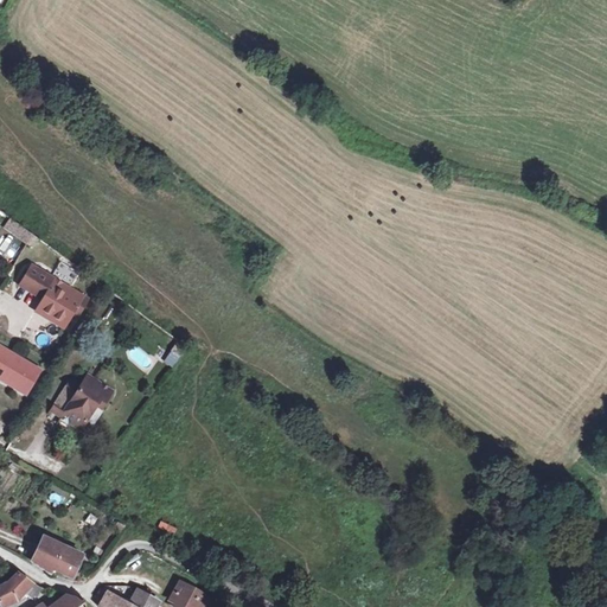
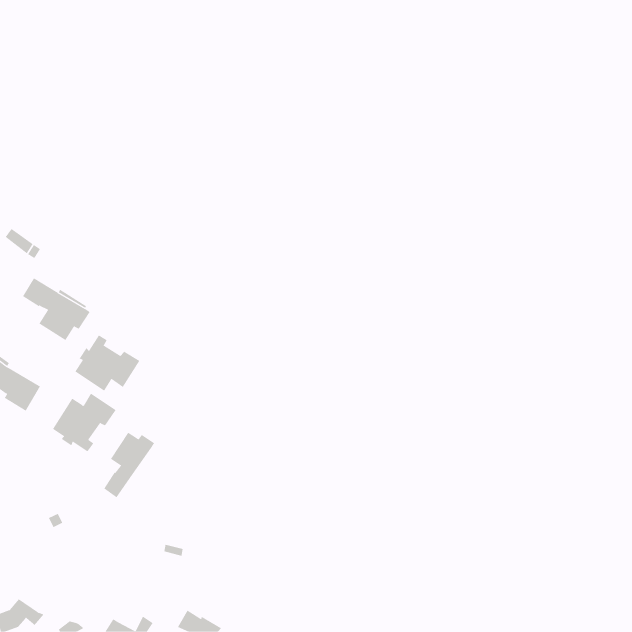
building: none -> [75,335,140,391]
building: none -> [103,432,155,498]
building: [31,537,82,574] -> none

